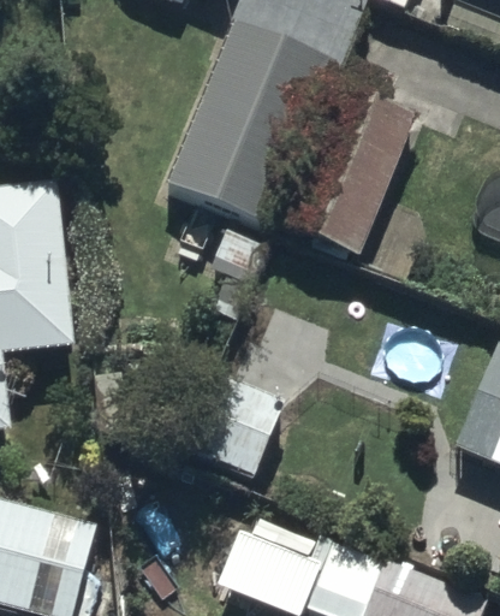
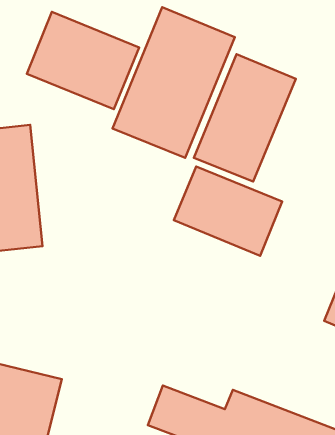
building: none -> [27,12,139,109]
building: none -> [174,166,282,256]

